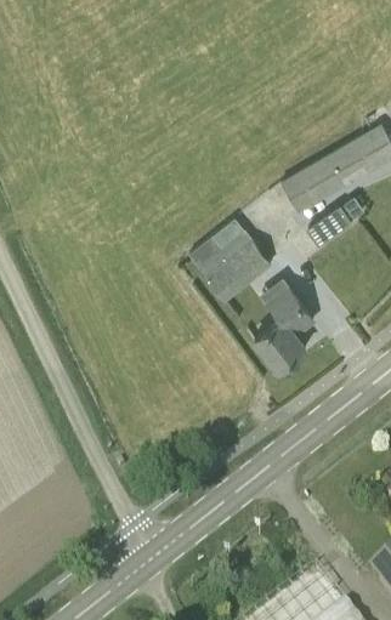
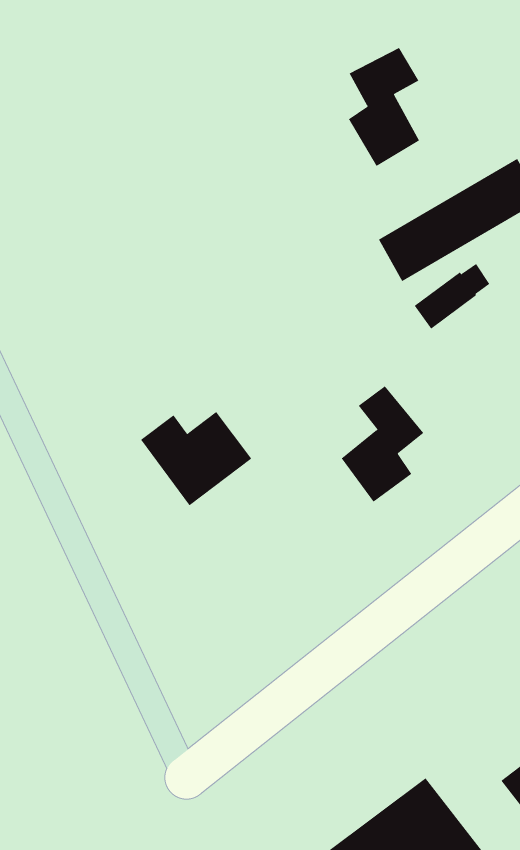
building: none -> [348,47,420,167]
building: [192,229,272,297] -> [140,411,252,506]

